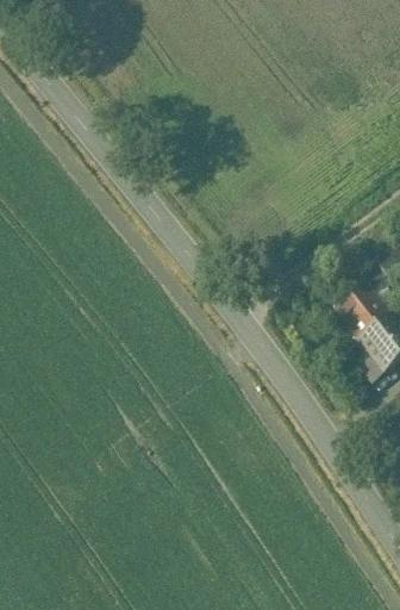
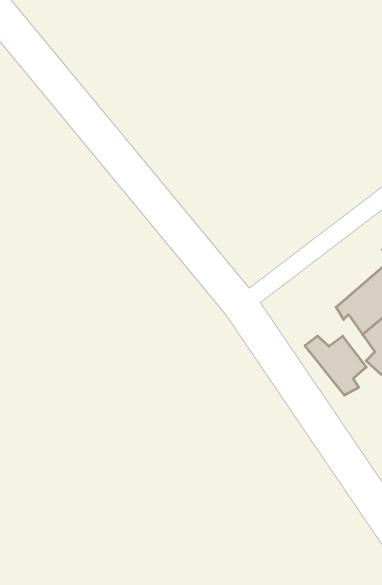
building: none -> [305,336,366,395]

